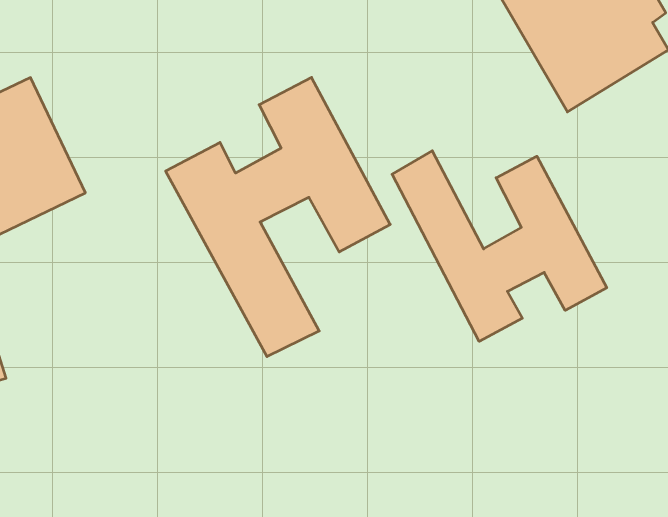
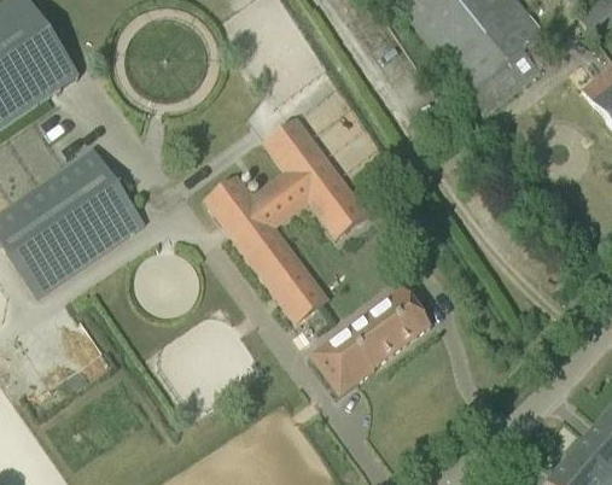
building: [392,151,607,341] -> none
building: none -> [307,284,431,395]

